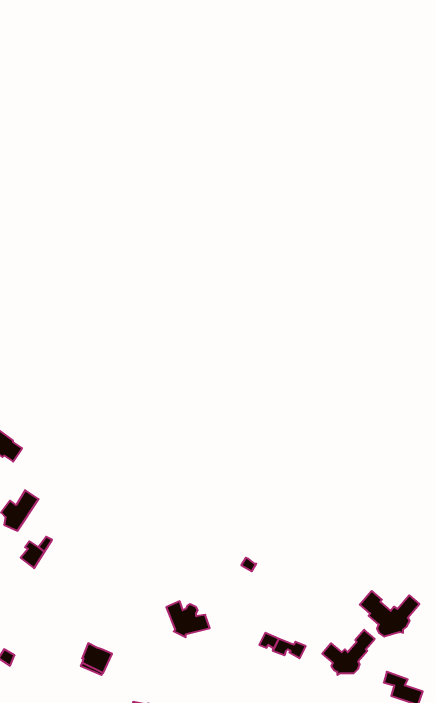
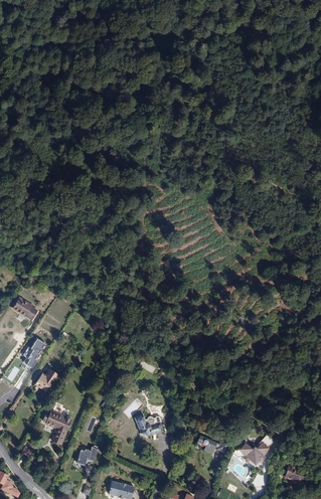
building: [360,591,419,637] -> none
building: none -> [45,411,71,445]

